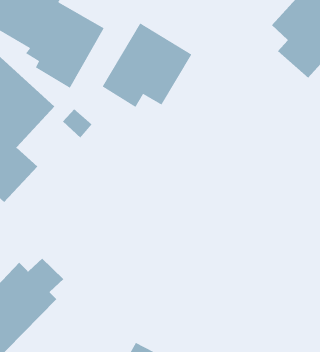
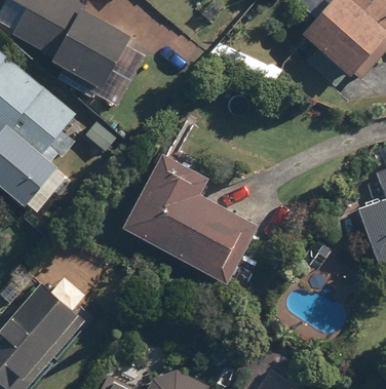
building: [102,23,192,108] -> none
building: none -> [119,151,256,286]

